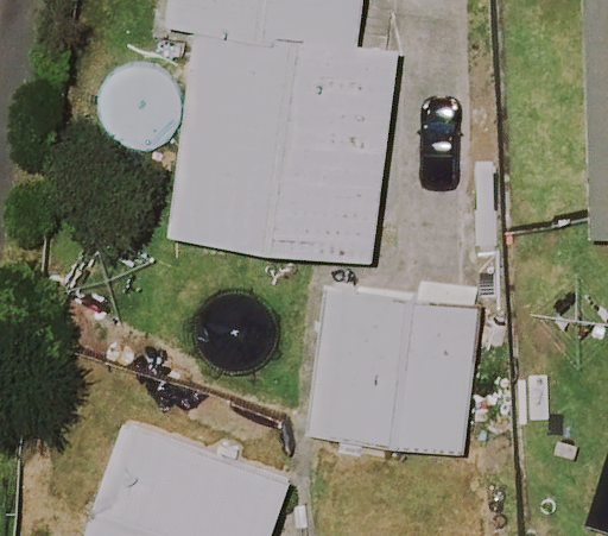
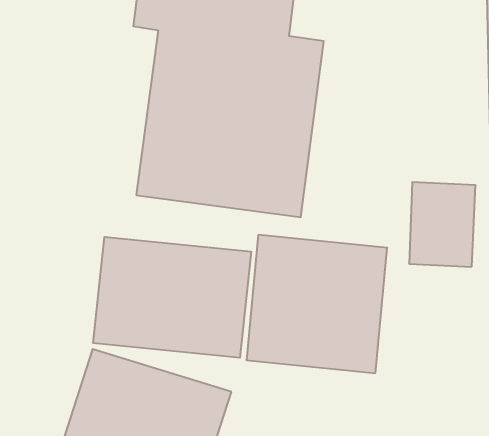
building: none -> [93,237,251,358]

